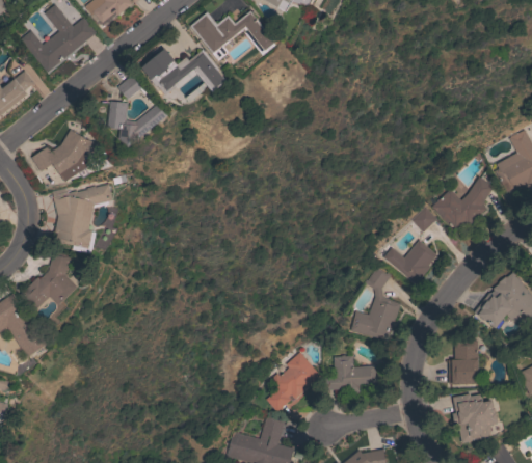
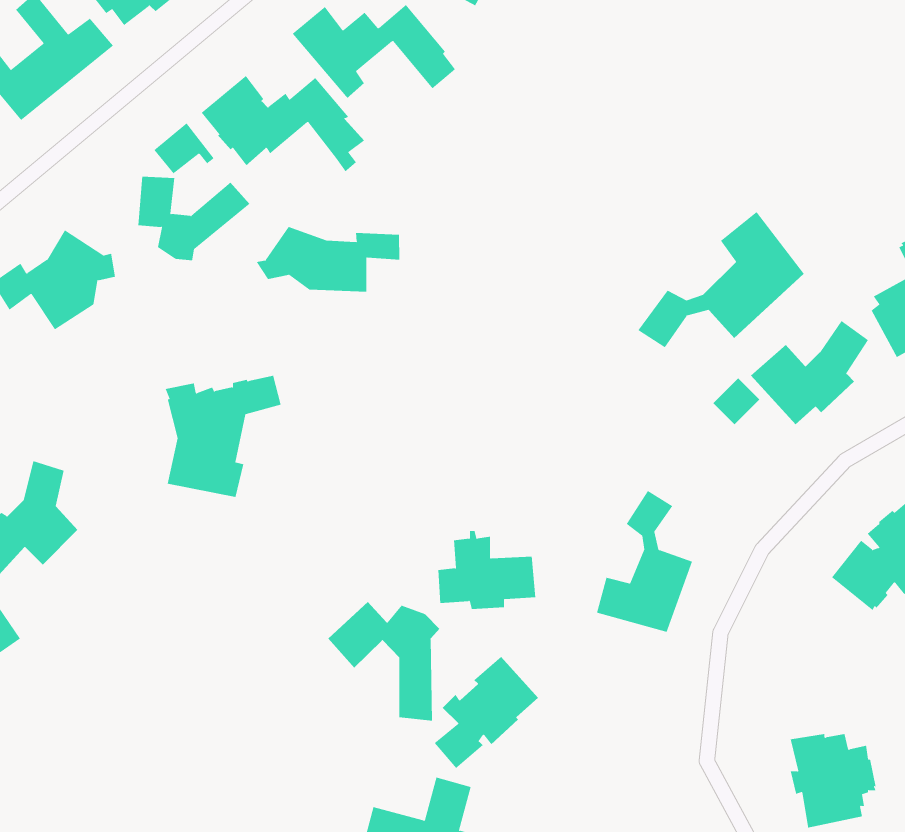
building: none -> [638,211,805,348]
building: none -> [256,226,400,292]
building: [52,184,113,248] -> [165,375,282,498]
building: [383,239,437,284] -> none
building: none -> [328,601,440,722]
building: [448,341,478,384] -> none
building: [325,352,377,393] -> [437,530,536,609]

